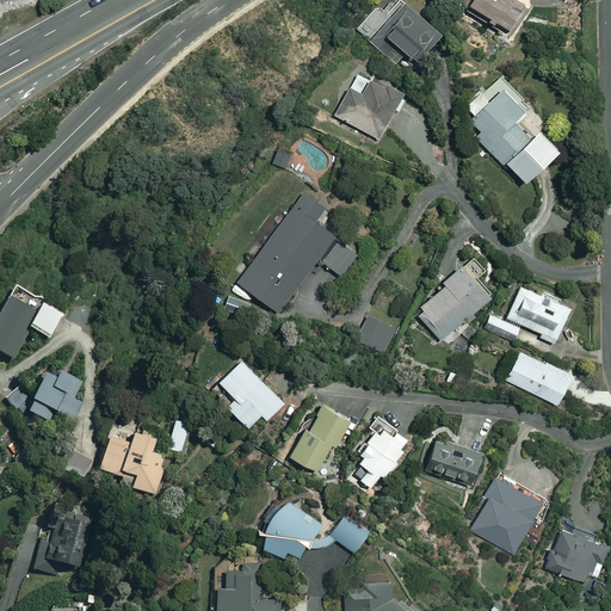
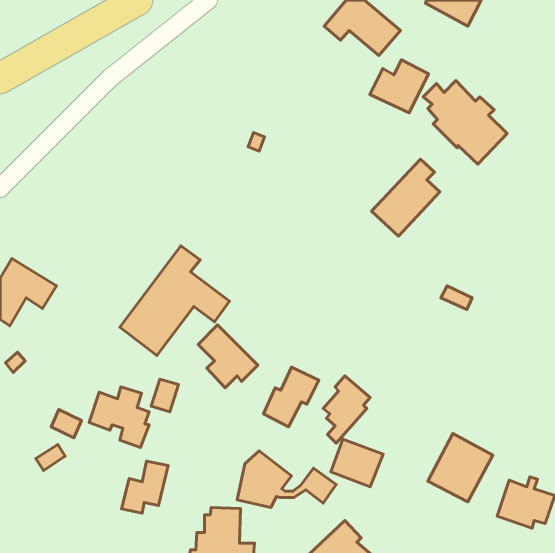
building: [335,80,400,138] -> [370,60,429,113]
building: [237,193,358,314] -> [120,246,230,355]
building: [414,257,489,341] -> [371,159,440,236]
building: [507,288,569,345] -> none
building: [357,316,396,354] -> none
building: [505,351,572,406] -> none
building: [25,372,81,425] -> none
building: [424,437,481,489] -> [331,439,383,487]
building: [32,519,84,576] -> [121,461,168,513]

